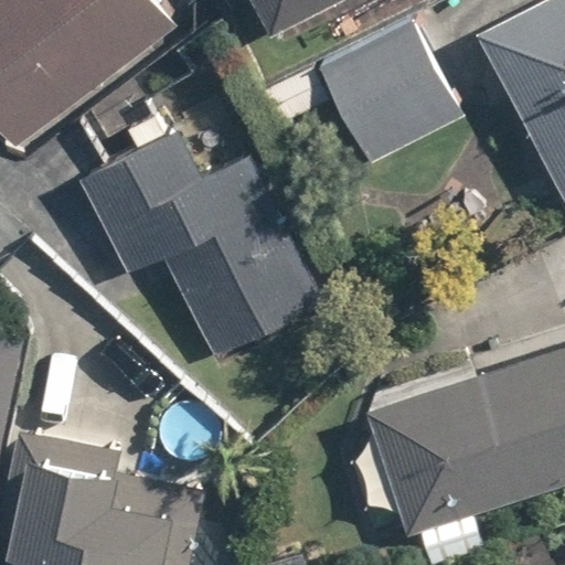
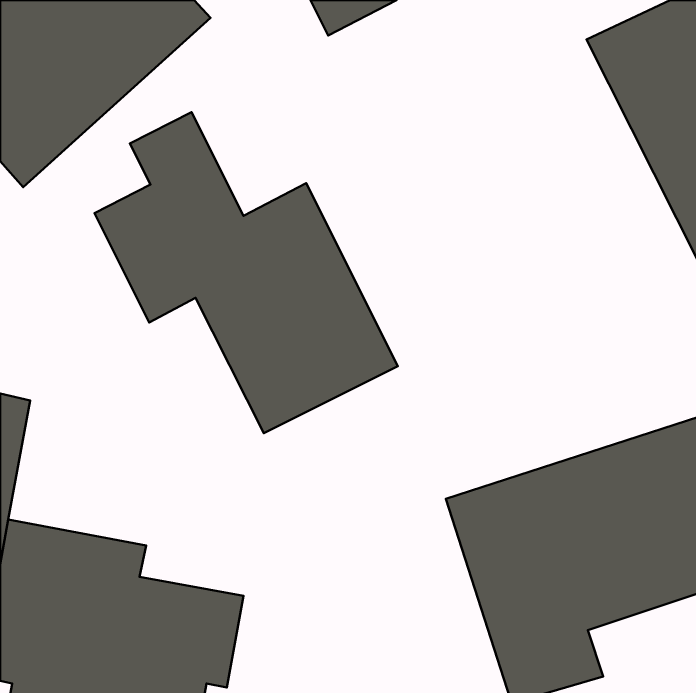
building: [263,14,466,168] -> none

